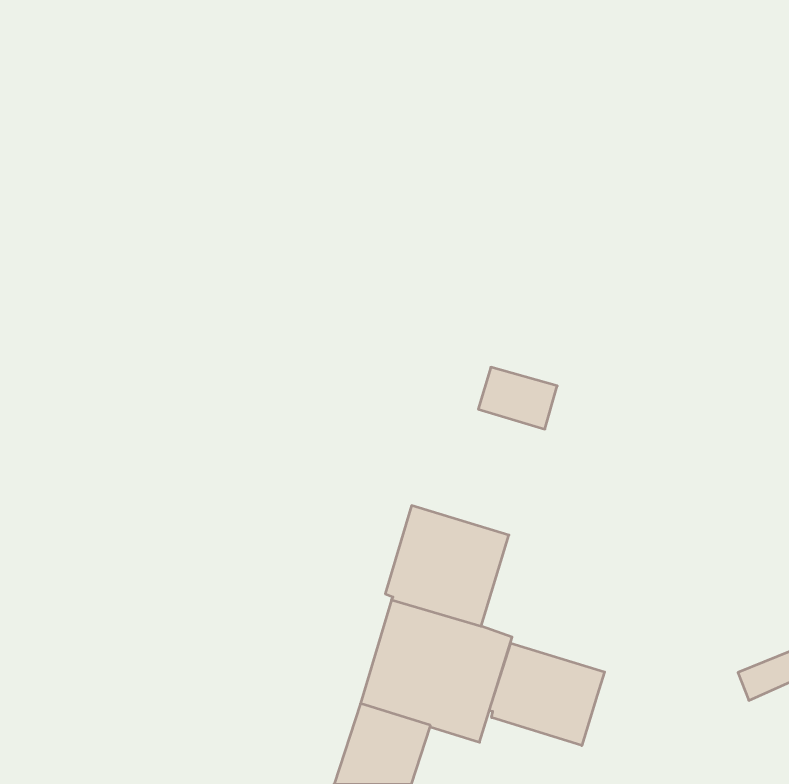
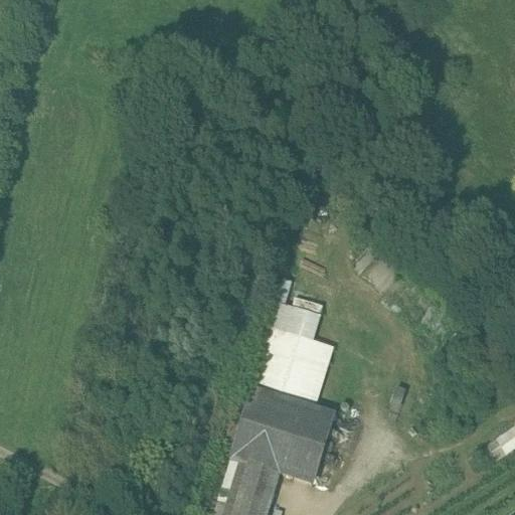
building: [478,367,557,429] -> [269,302,320,342]
building: [489,643,605,746] -> none

